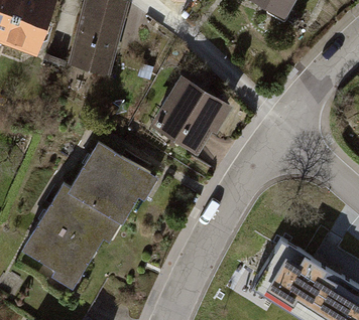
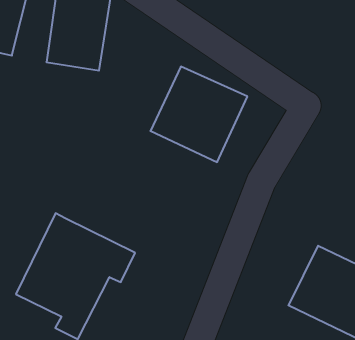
building: [70,146,155,228] -> none

